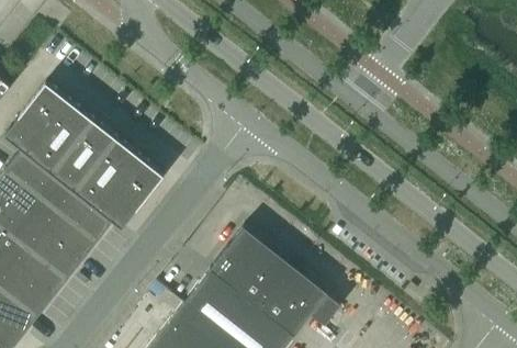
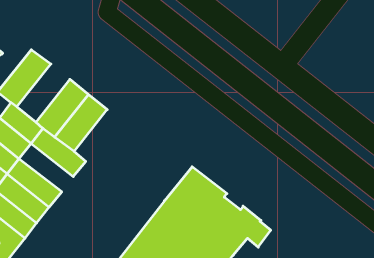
building: [27,101,92,172] -> none
building: [98,157,162,228] -> none
building: [30,199,97,258] -> none

